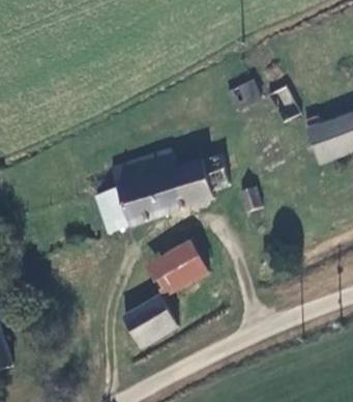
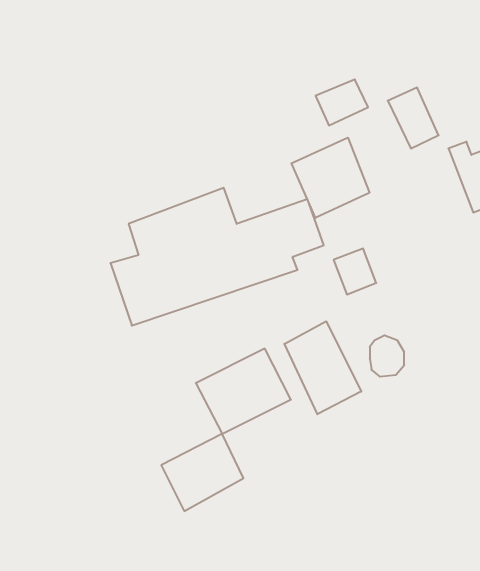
building: none -> [291,138,369,218]
building: none -> [284,321,361,414]

